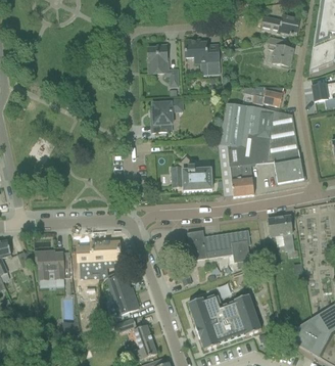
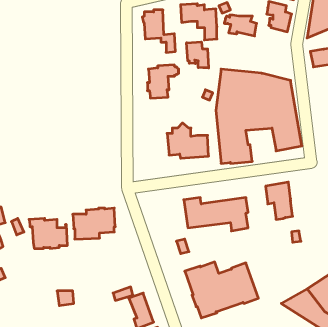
building: none -> [187,42,209,68]
building: [250,86,282,106] -> [224,15,257,36]
building: [108,273,139,316] -> none

